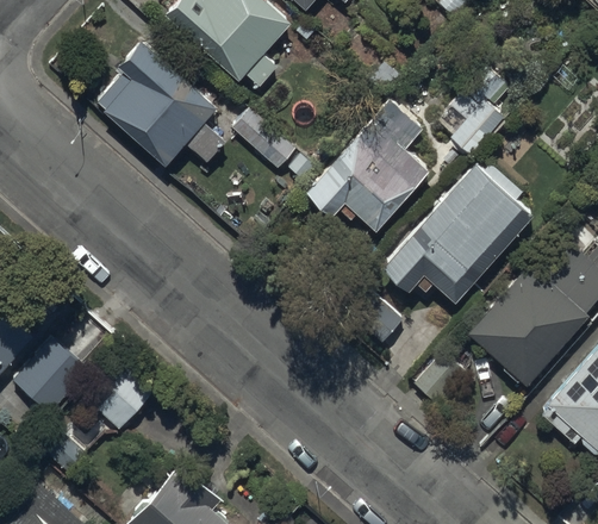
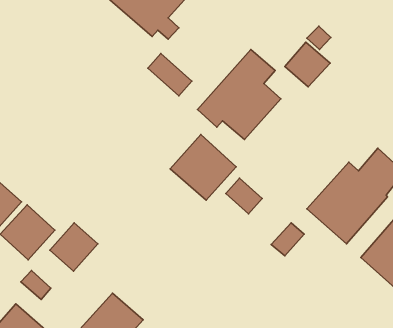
building: [105,45,224,167] -> none
building: [378,164,535,310] -> none
building: none -> [170,134,236,200]

